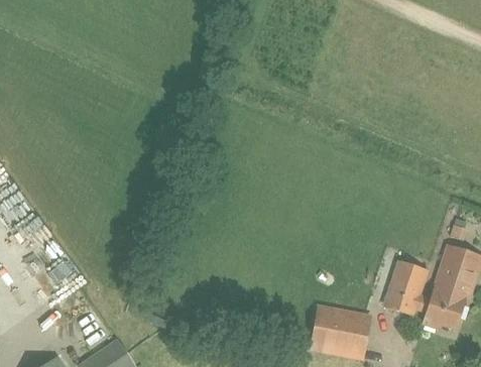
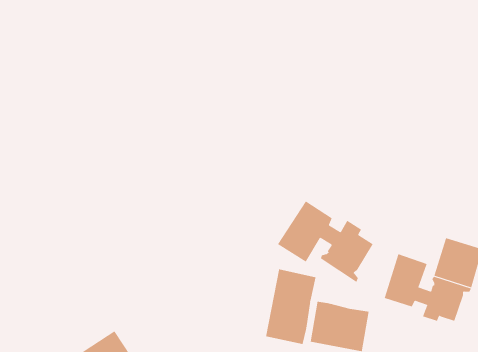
building: none -> [277,200,373,283]
building: none -> [266,269,316,345]

